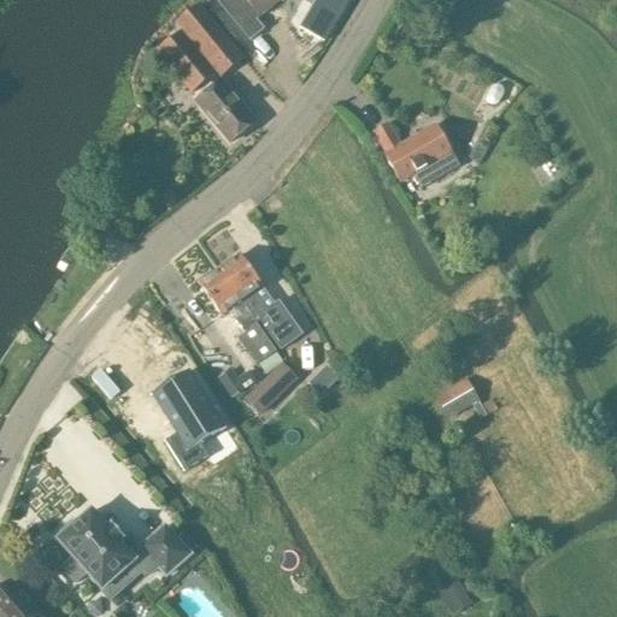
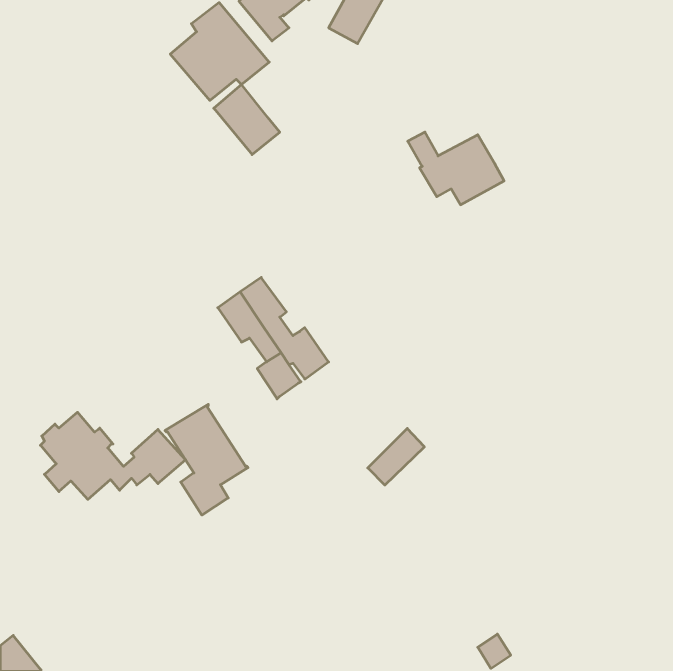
building: [246,362,298,413] -> [368,428,424,485]
building: [434,376,488,418] -> none
building: [59,509,192,588] -> [40,412,186,499]

